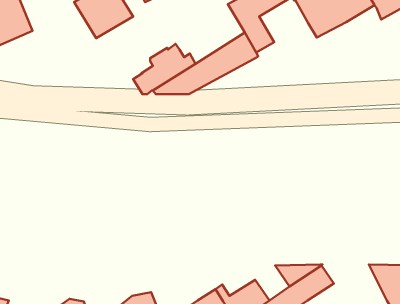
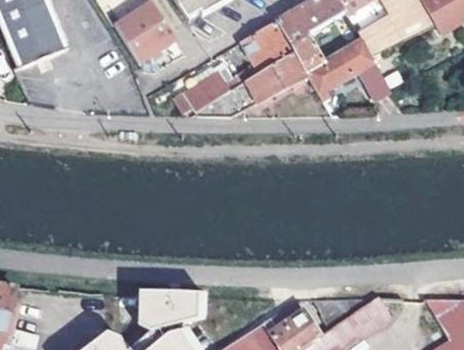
building: none -> [235,18,294,82]
building: none -> [306,39,390,96]
building: none -> [140,293,209,332]

